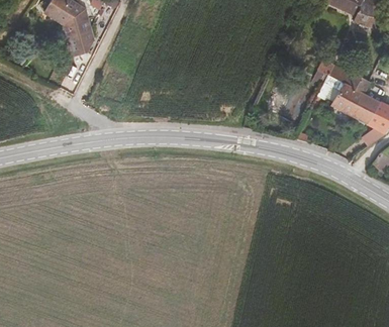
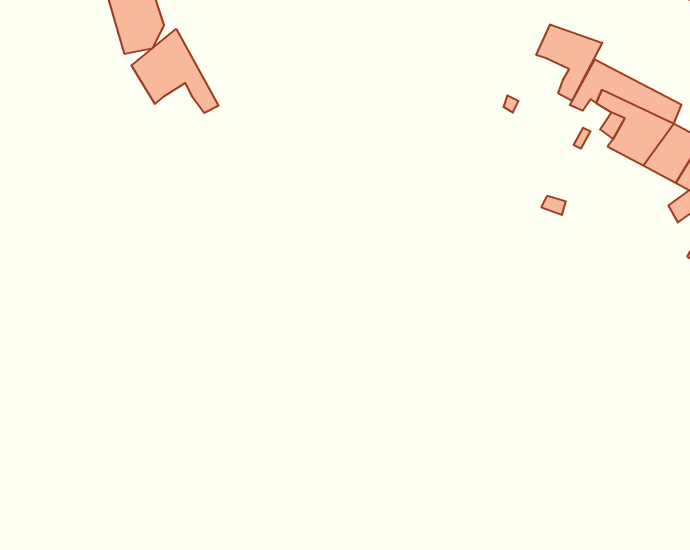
building: none -> [536,24,602,101]
building: none -> [131,29,219,113]

